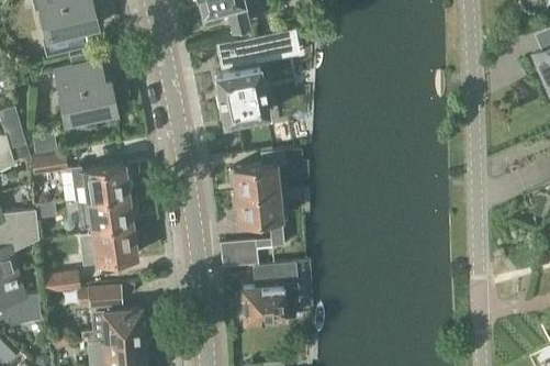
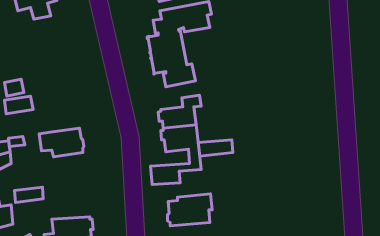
building: [55,51,116,123] -> none
building: [71,165,130,201] -> none
building: [91,225,136,263] -> none
building: [252,263,298,284] -> [198,140,233,156]
building: [78,287,123,310] -> none

